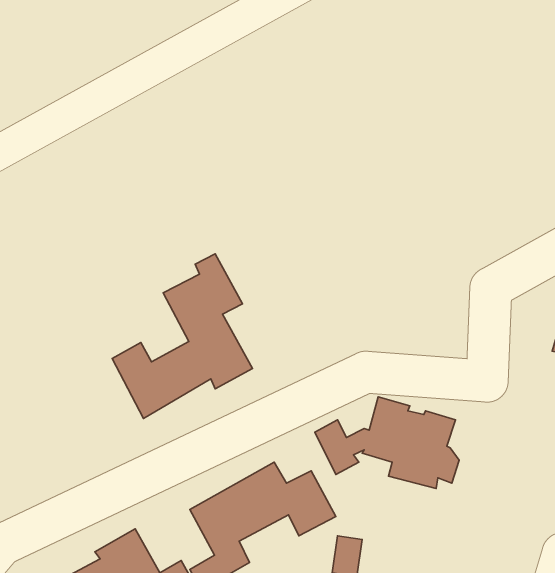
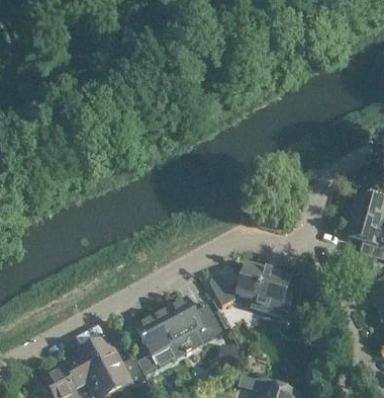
building: [112,254,252,418] -> none

